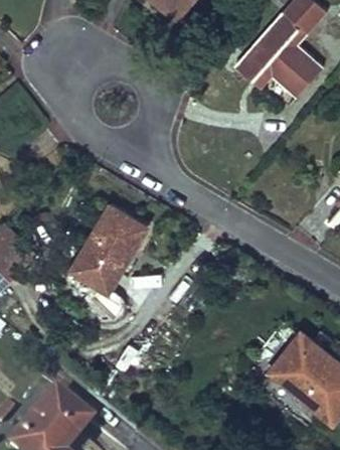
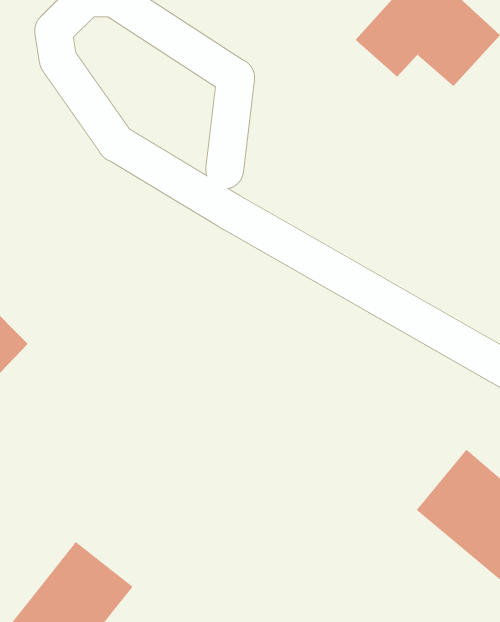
building: [74,197,149,284] -> none

